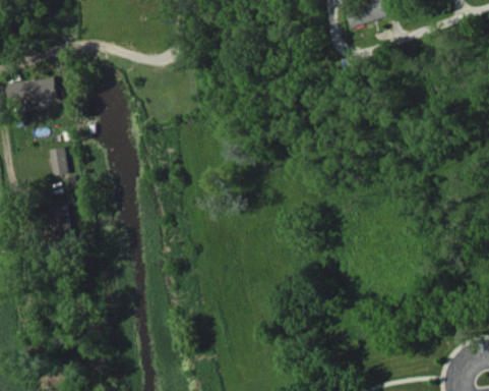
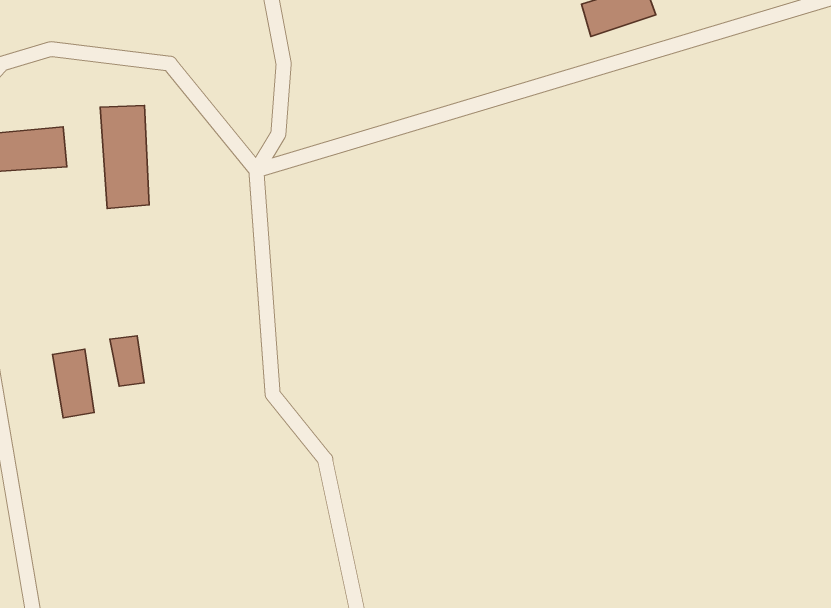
building: none -> [100,105,149,209]
building: [46,149,65,177] -> [110,336,144,386]

